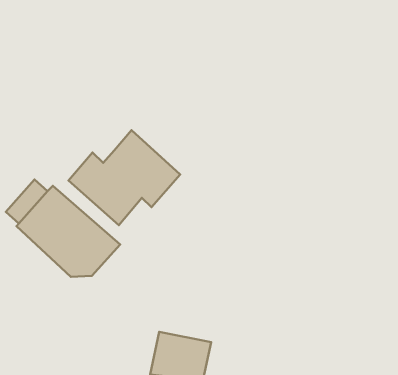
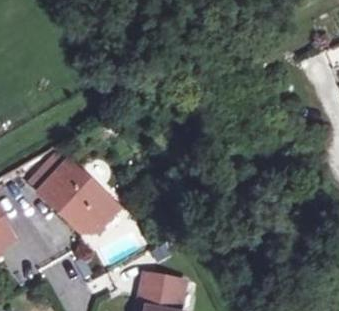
building: [68,130,180,225] -> none

